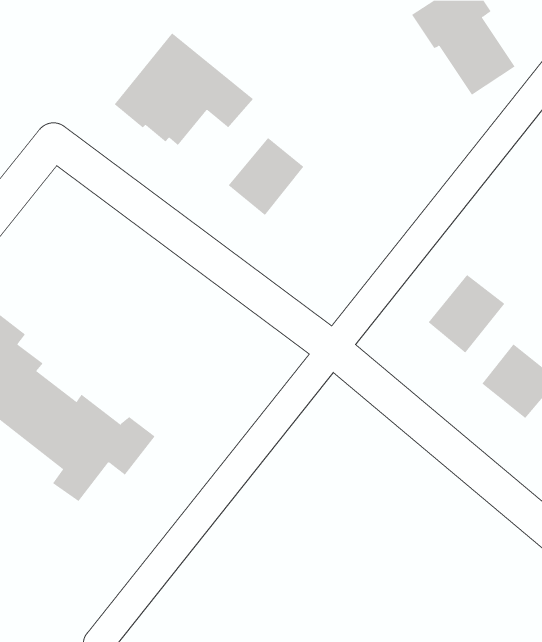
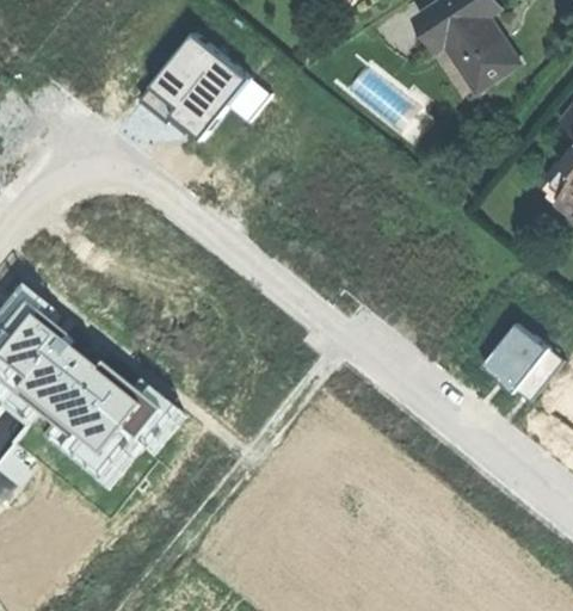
building: [228,137,304,216] -> none
building: [428,274,505,354] -> none

